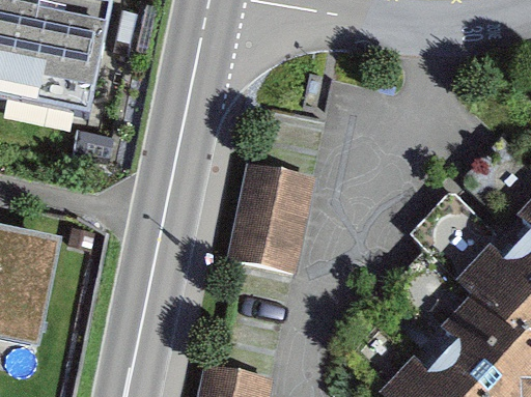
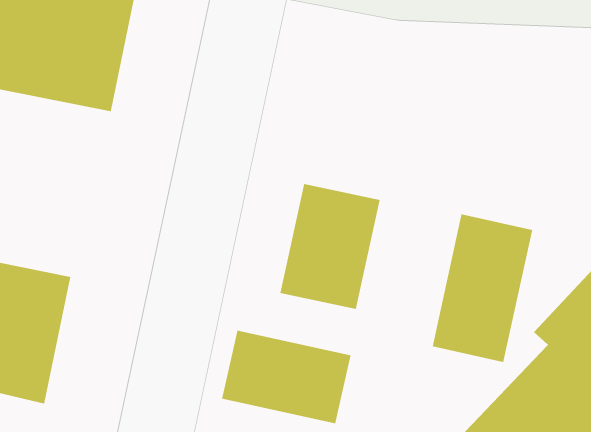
building: none -> [432,214,533,363]
building: none -> [222,330,351,424]

